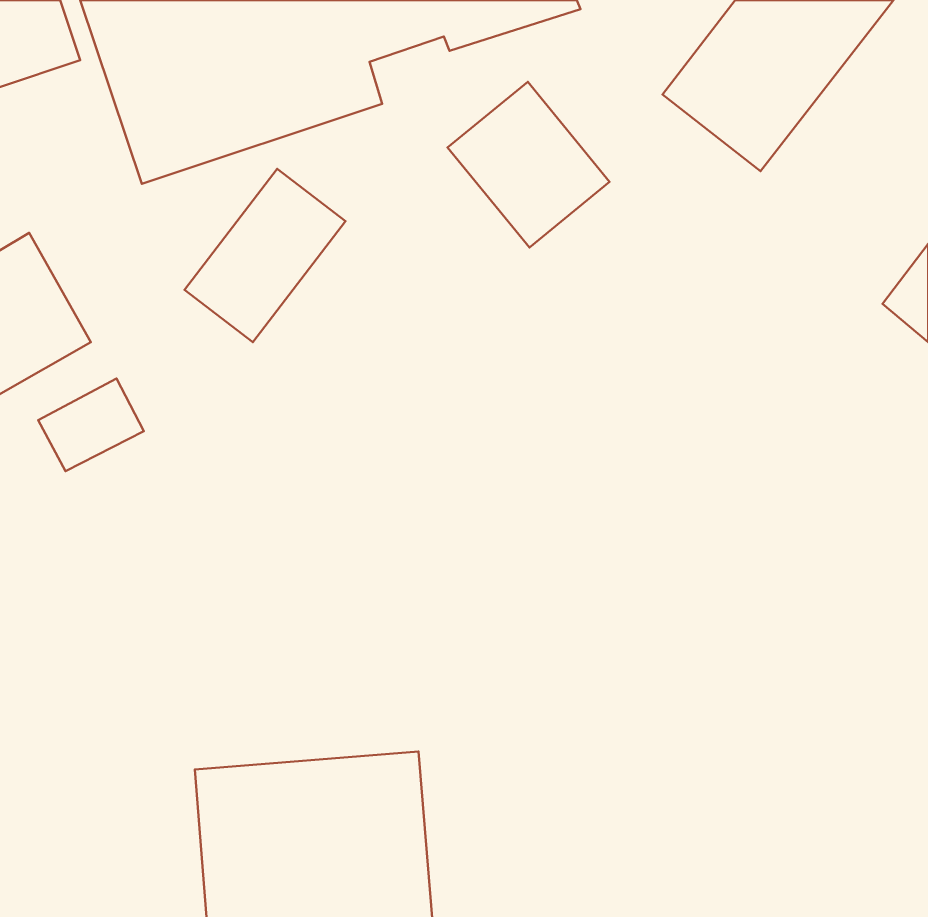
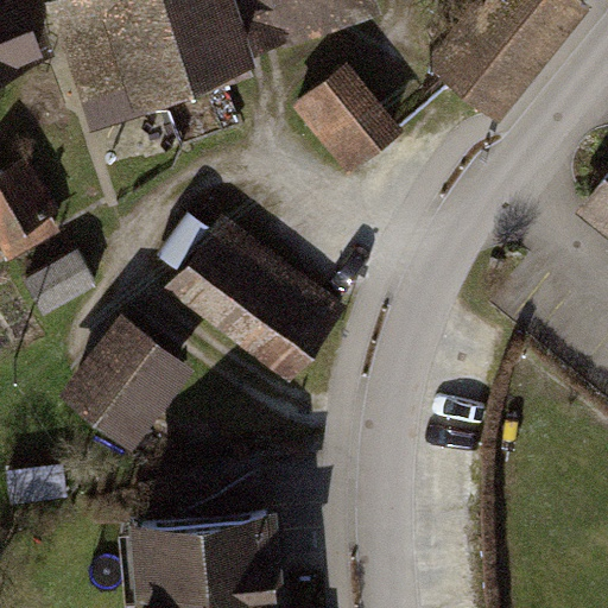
building: [184,169,345,342] -> none
building: none -> [169,221,338,379]
building: none -> [53,309,189,446]

